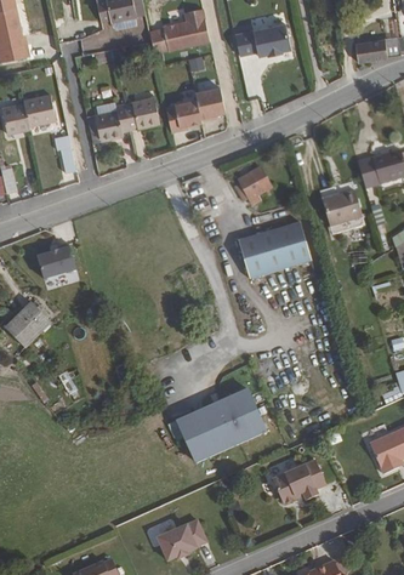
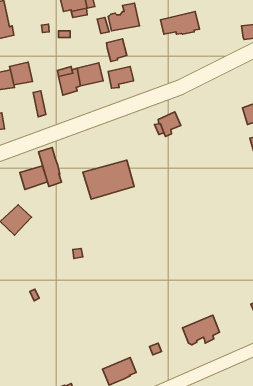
building: [195,87,224,120] -> [106,39,127,61]
building: [323,188,364,223] -> none
building: none -> [38,148,62,187]
building: [238,221,312,277] -> [83,160,134,199]
building: [178,388,266,460] -> none

